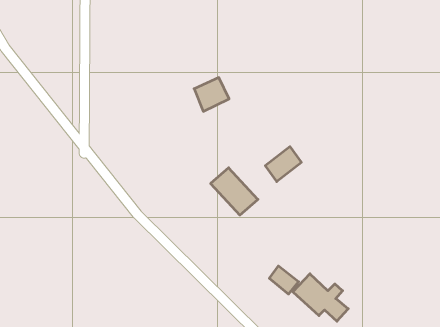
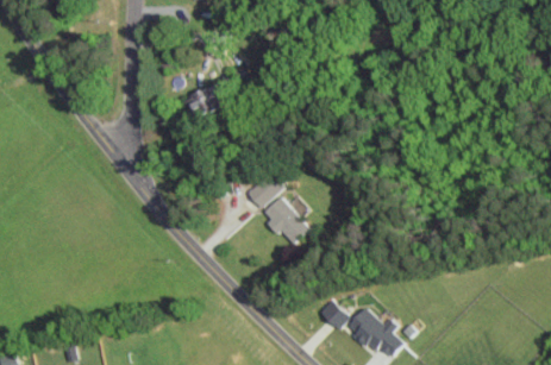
building: [194,78,229,111] -> [189,83,226,119]
building: [265,147,301,182] -> [246,171,284,208]

